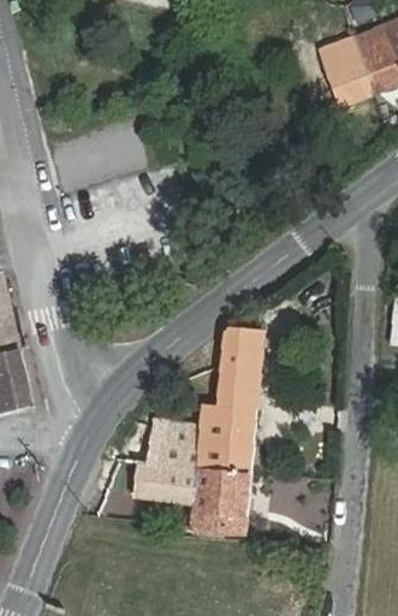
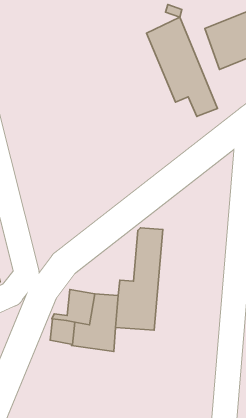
building: none -> [147,17,217,116]
building: [190,469,249,532] -> none

